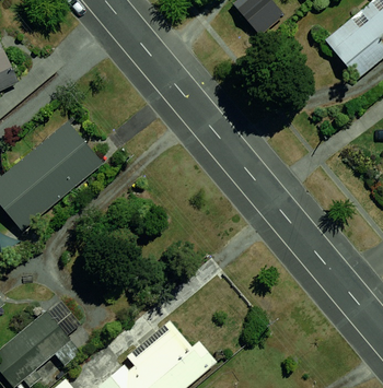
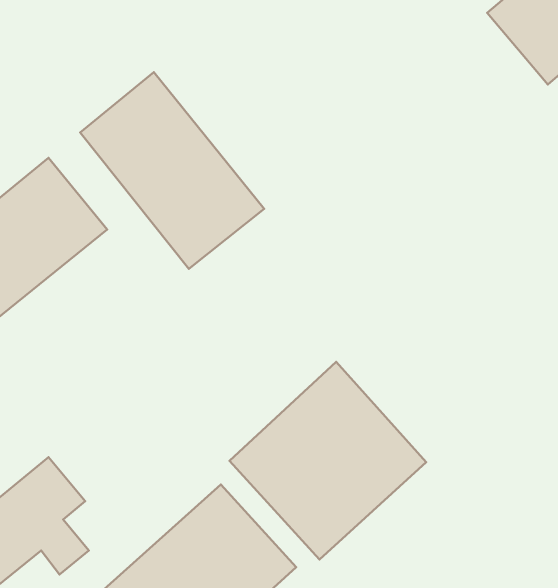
building: none -> [80,72,264,269]
building: none -> [229,362,426,560]

